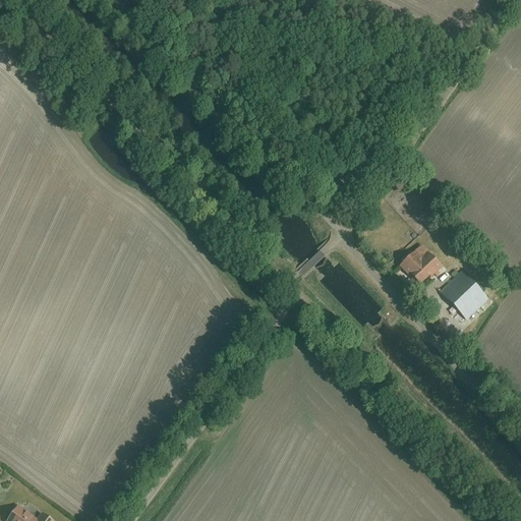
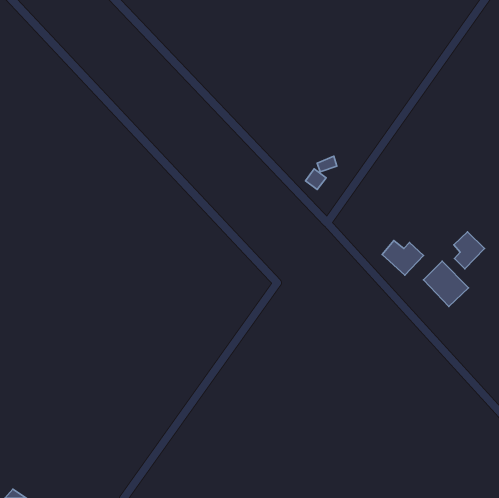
building: none -> [454,232,484,269]

